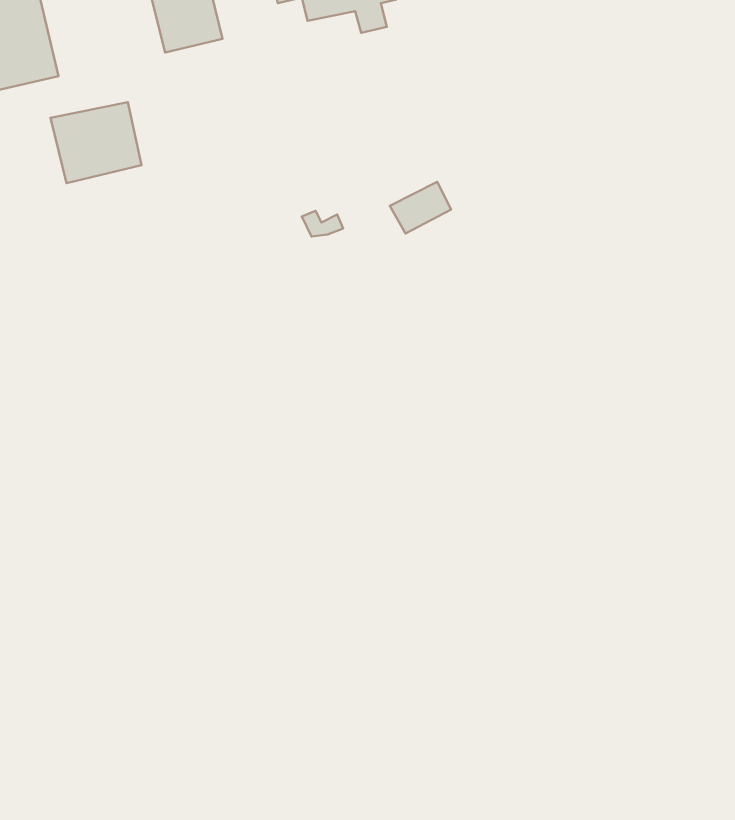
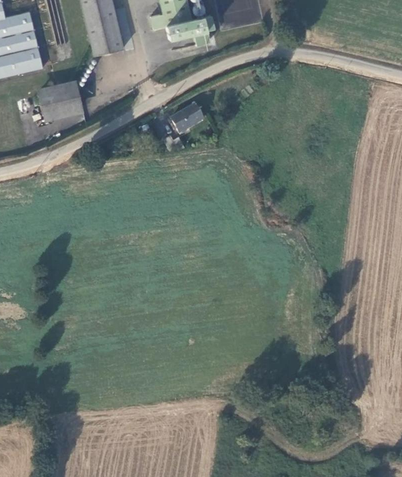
building: [390,182,451,233] -> [172,104,203,130]

